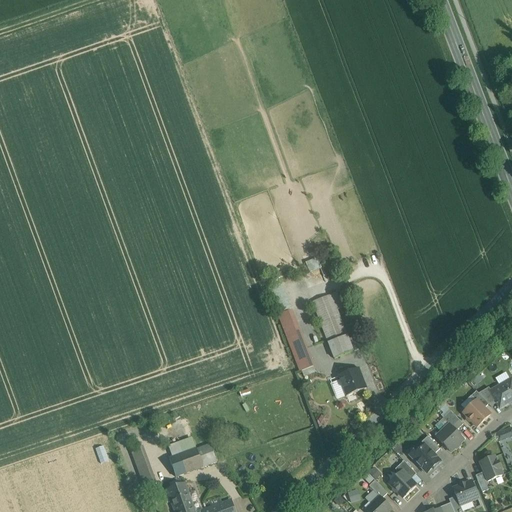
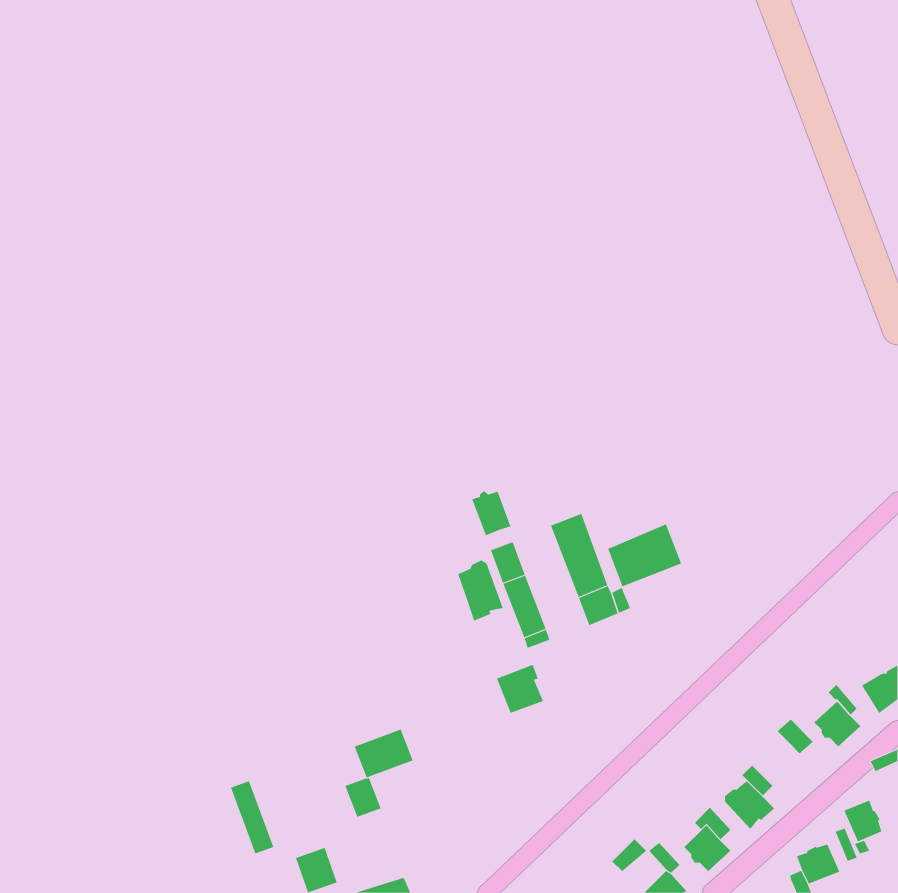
building: none -> [472,490,511,537]
building: none -> [608,524,682,587]
building: none -> [458,560,504,621]
building: [338,366,365,394] -> [496,664,544,714]
building: [436,423,463,450] -> none
building: [169,447,203,475] -> [354,729,414,778]

